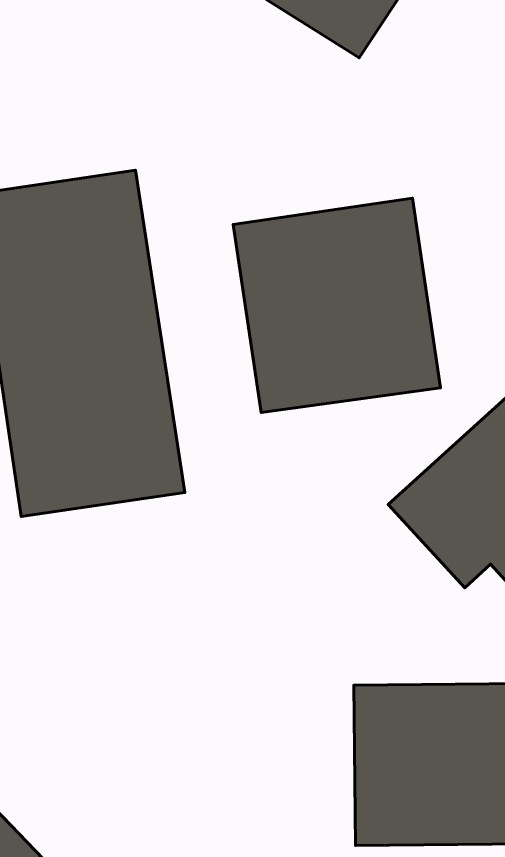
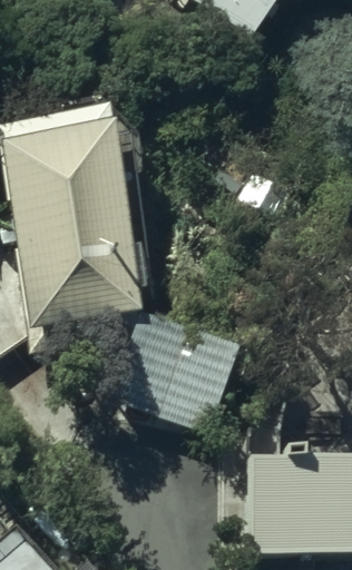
building: [233,198,441,412] -> none
building: none -> [121,322,241,430]

